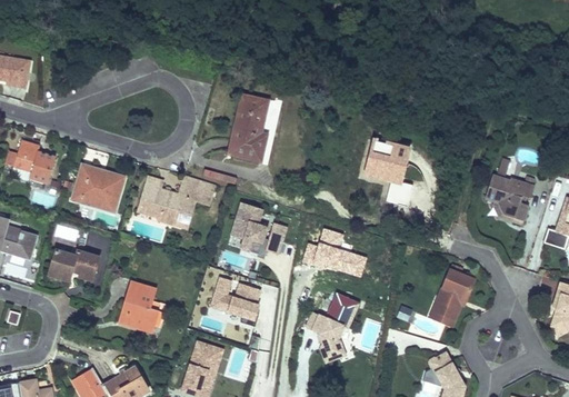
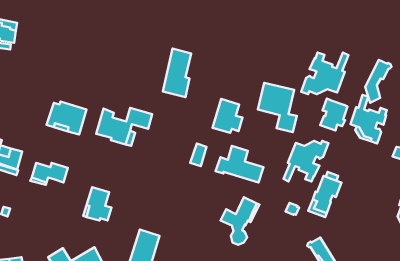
building: none -> [301,52,349,94]
building: none -> [365,60,391,103]
building: [13,139,56,182] -> none
building: none -> [320,99,348,131]
building: [229,202,270,249] -> [212,99,242,133]
building: none -> [284,141,328,182]
building: [210,277,262,322] -> none

